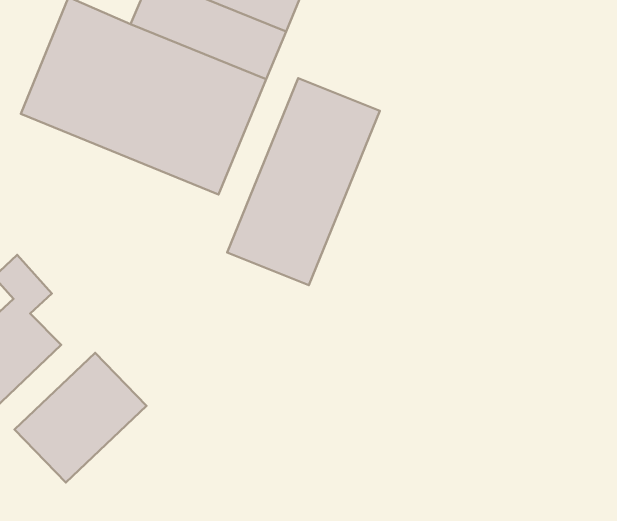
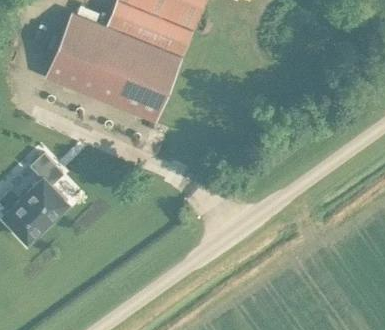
building: [227,78,380,285] -> none
building: [15,353,146,483] -> none

